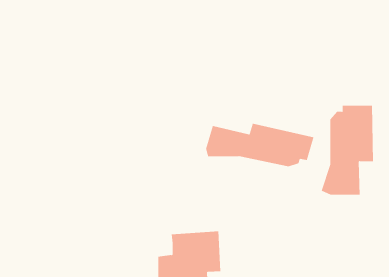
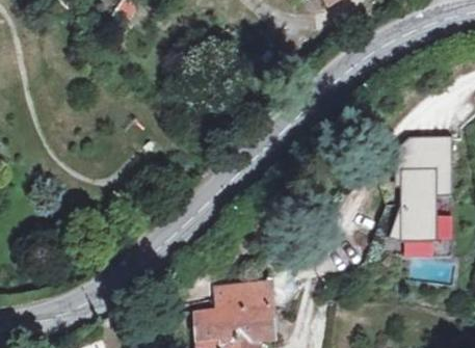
building: [205,123,314,167] -> none

